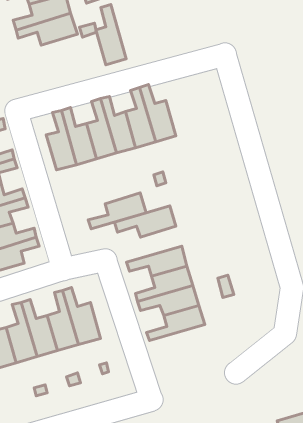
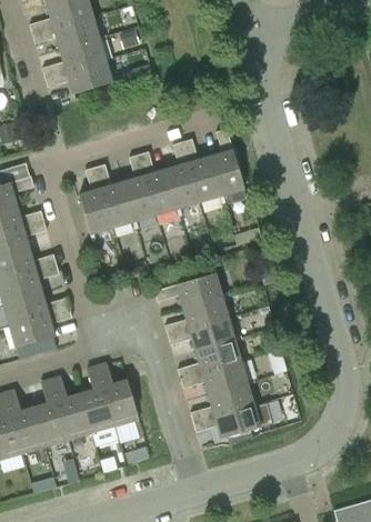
building: [96,5,126,65] -> [211,129,244,195]
building: [88,193,146,229] -> [164,295,229,335]
building: none -> [193,404,261,439]

